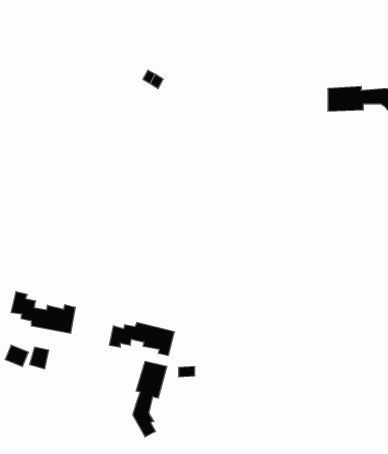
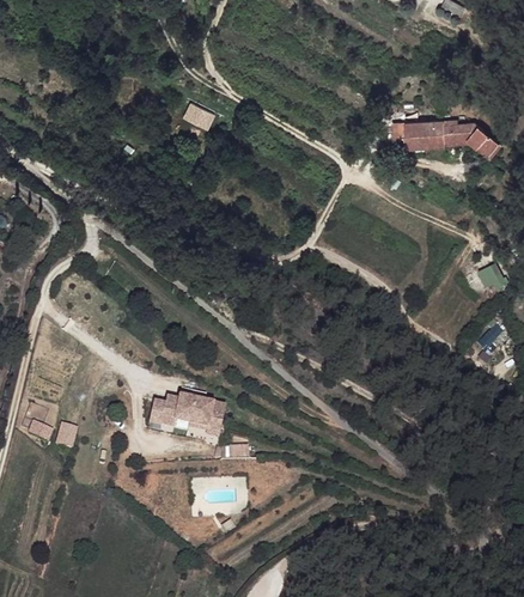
building: [11,291,75,333] -> none
building: [133,361,167,437] -> none

